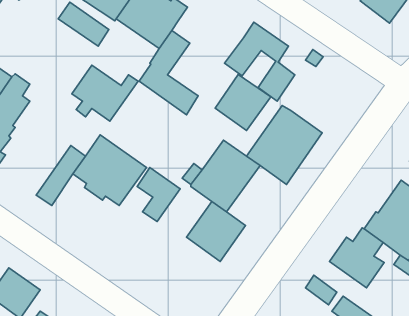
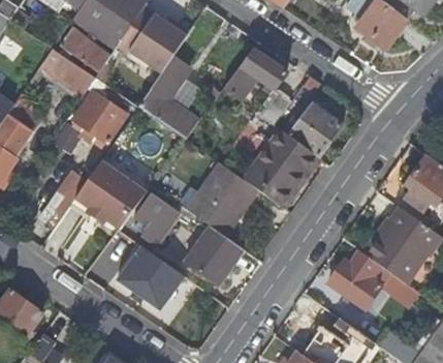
building: none -> [30,49,95,98]
building: [215,75,271,130] -> [288,102,343,157]
building: none -> [120,247,182,306]

